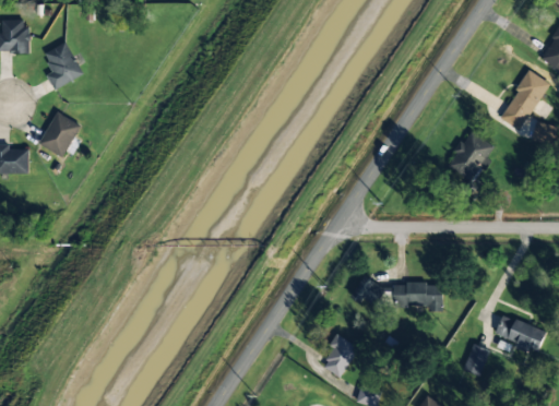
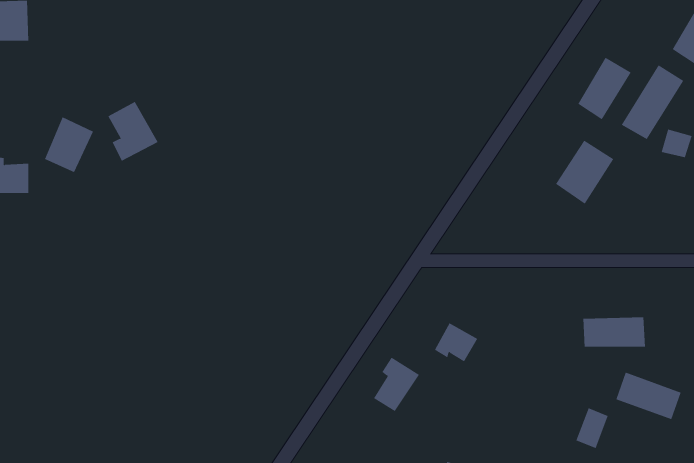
building: [44,41,84,89] -> [108,101,158,162]
building: none -> [577,57,631,120]
building: [393,283,443,307] -> [583,317,646,347]
building: [322,333,359,377] -> [373,357,420,412]

